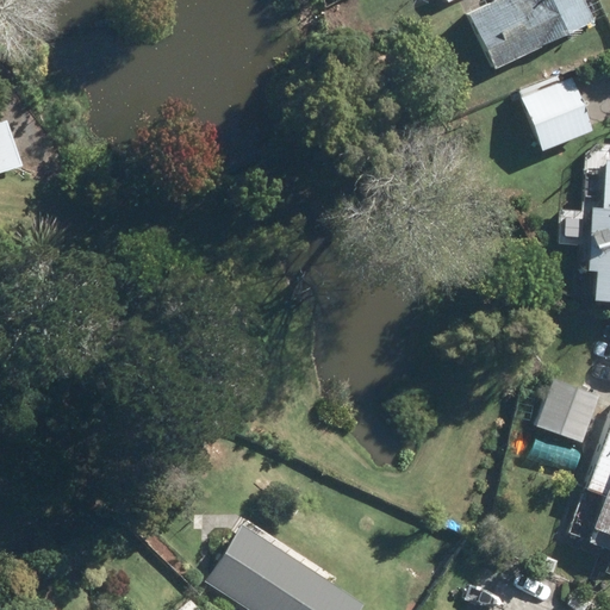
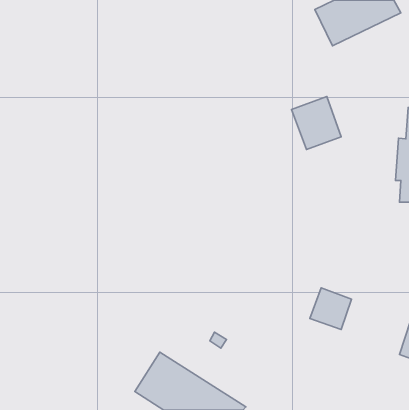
building: [519,70,593,149] -> [291,97,341,150]
building: [537,380,599,442] -> [310,288,352,330]

